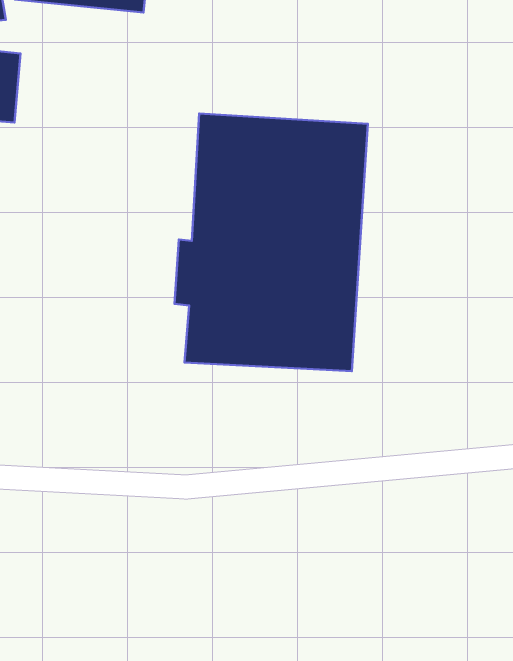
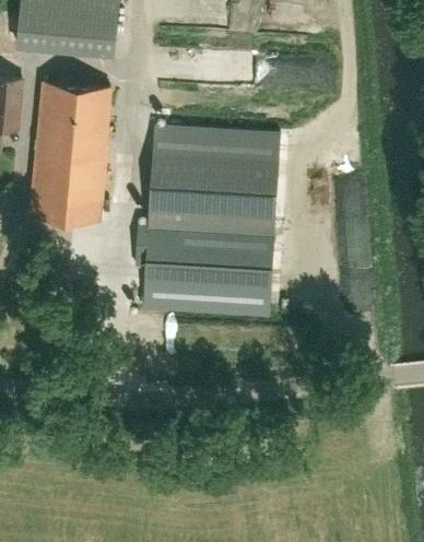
building: none -> [31,80,110,220]

